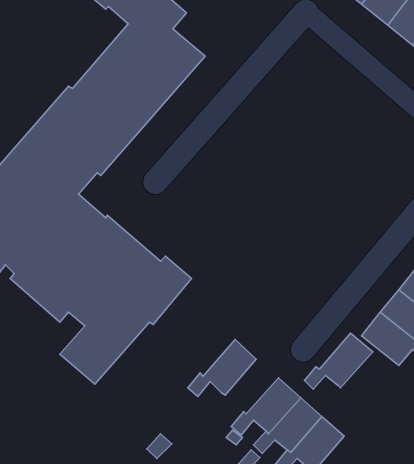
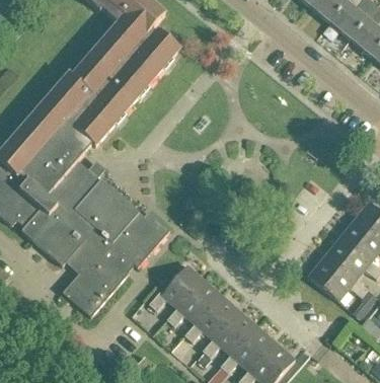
building: none -> [148,263,205,309]
building: [305,333,373,389] -> [184,295,240,340]

